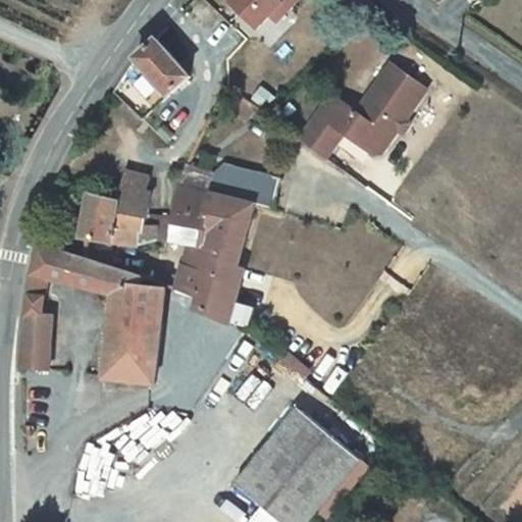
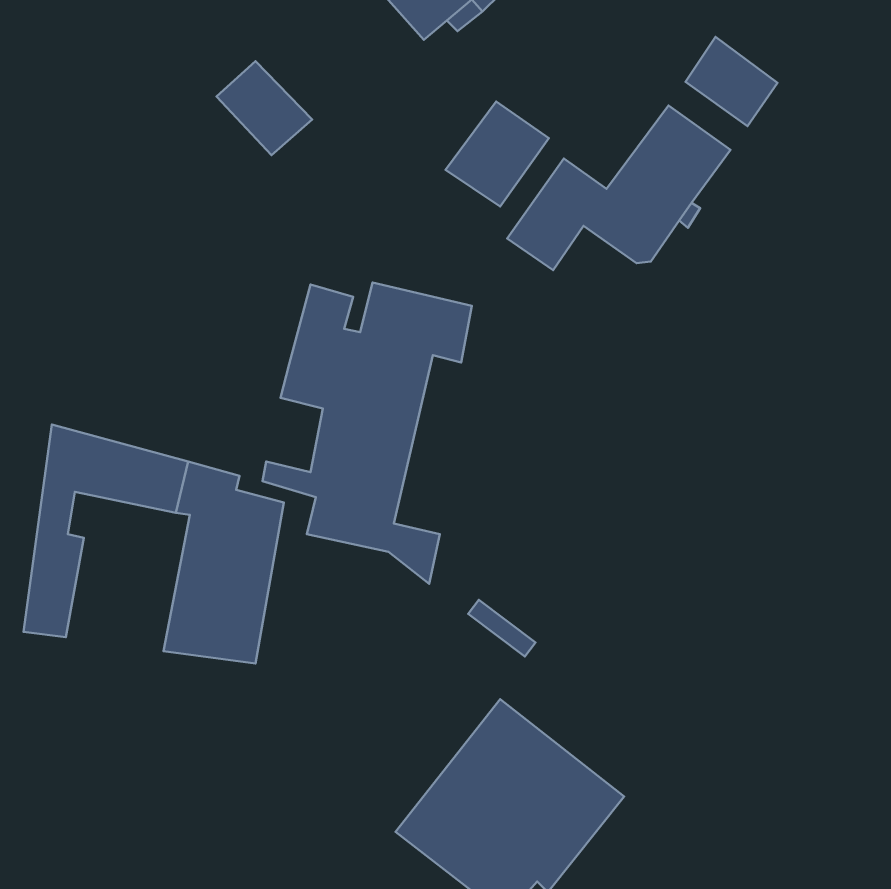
building: none -> [686,37,778,126]
building: none -> [445,102,549,206]
building: [72,162,171,242] -> none

